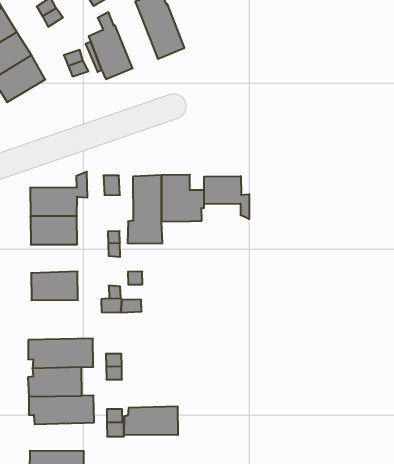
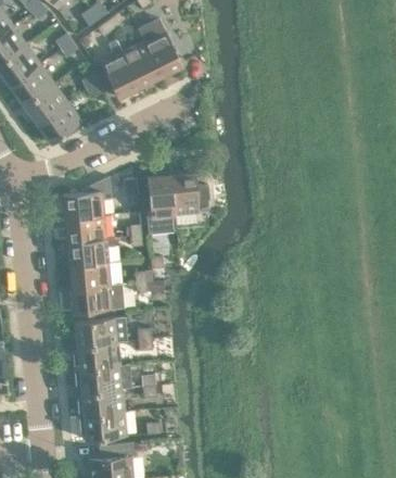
building: none -> [123,40,161,86]
building: none -> [37,101,81,142]
building: [204,176,249,219] -> none
building: none -> [66,237,116,265]
building: none -> [71,282,125,312]
building: [124,406,178,435] -> [78,388,125,415]

